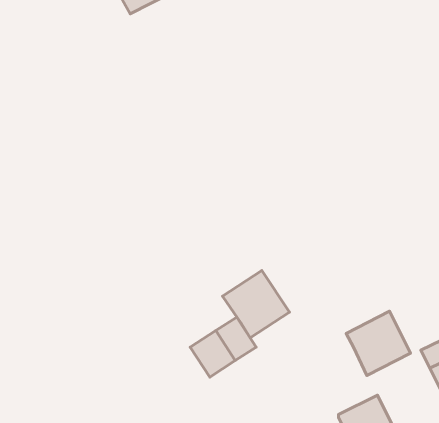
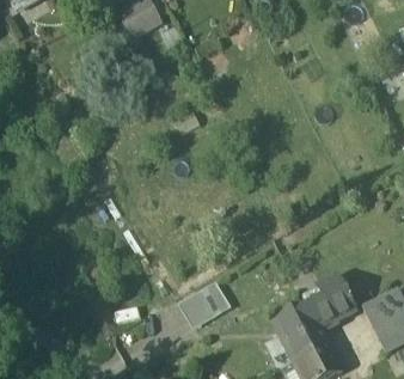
building: [222,271,290,338] -> none
building: none -> [276,305,328,359]

